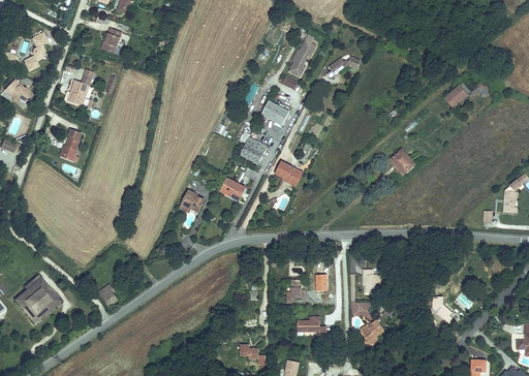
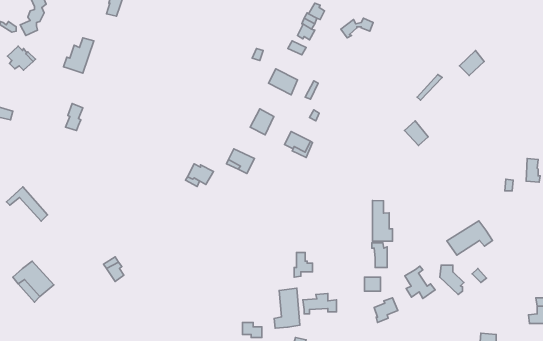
building: none -> [372,201,392,241]
building: none -> [447,221,493,255]
building: [22,275,61,308] -> [7,187,48,221]
building: none -> [405,266,435,298]
building: none -> [274,288,300,328]

